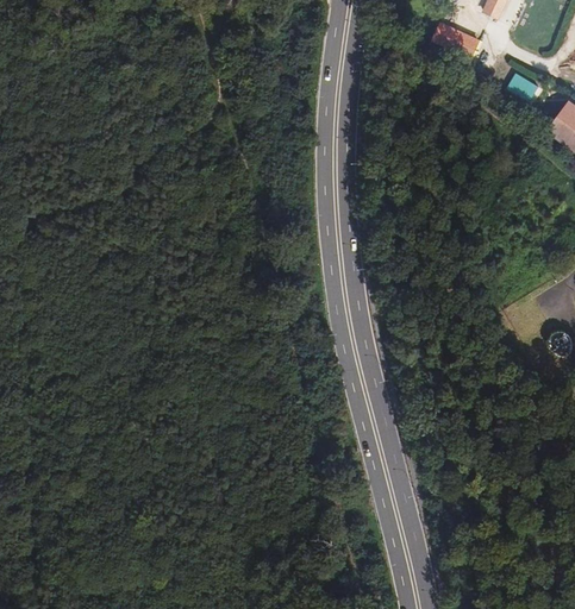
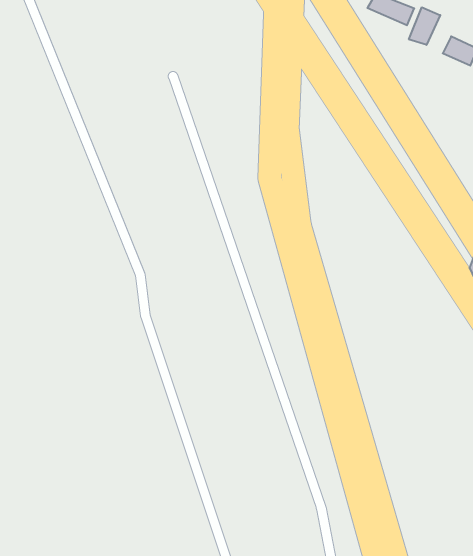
building: none -> [409,7,440,45]

